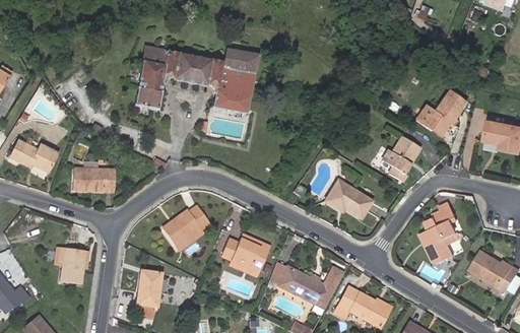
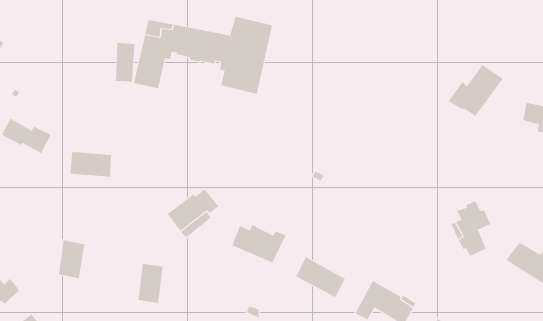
building: none -> [115,42,135,83]
building: [382,140,418,184] -> none
building: [325,183,370,221] -> none

